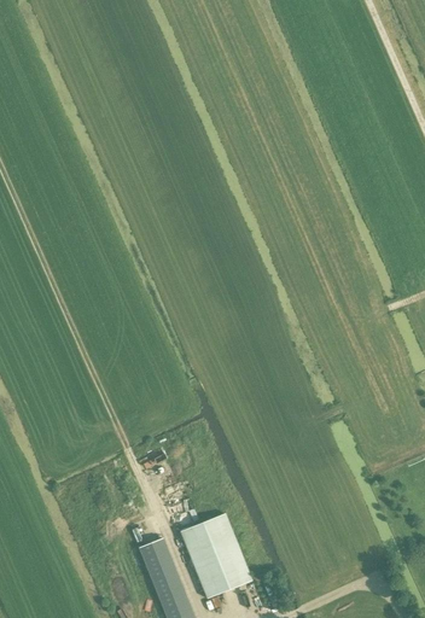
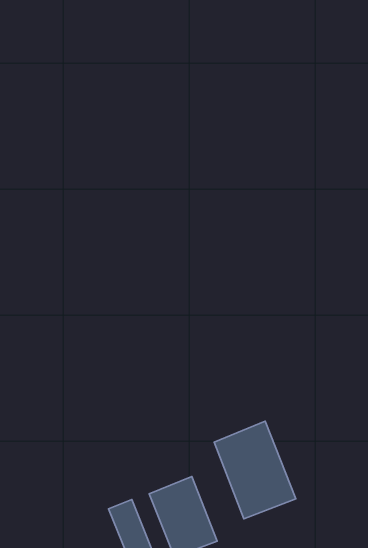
building: none -> [214,421,296,519]

